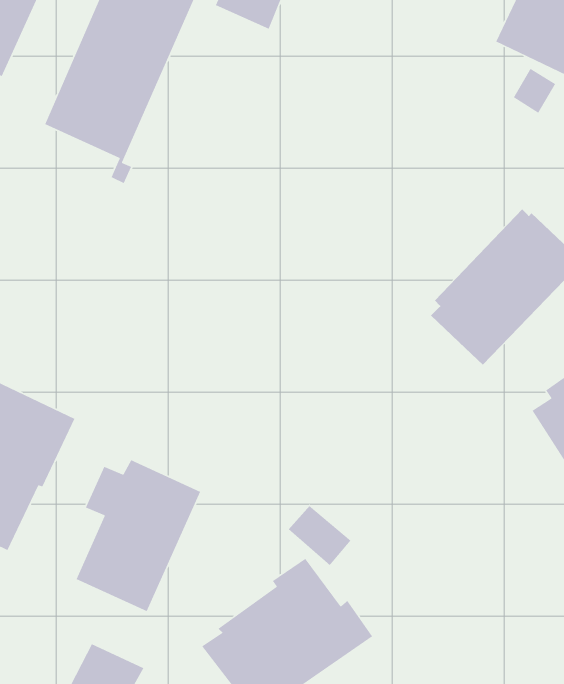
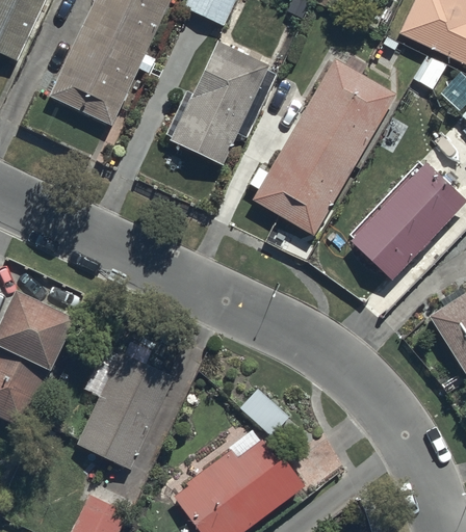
building: none -> [164,42,269,165]
building: none -> [250,55,396,236]

